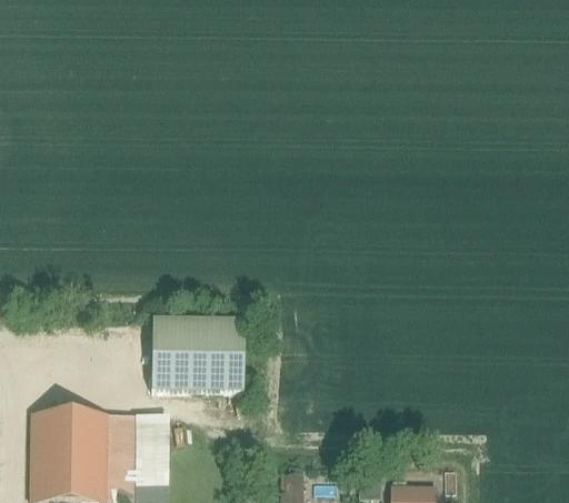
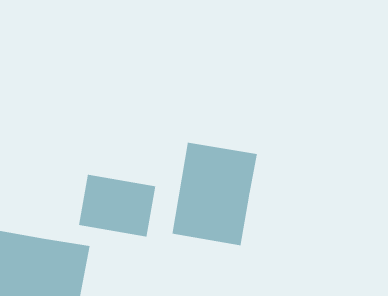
building: none -> [172,142,257,246]

